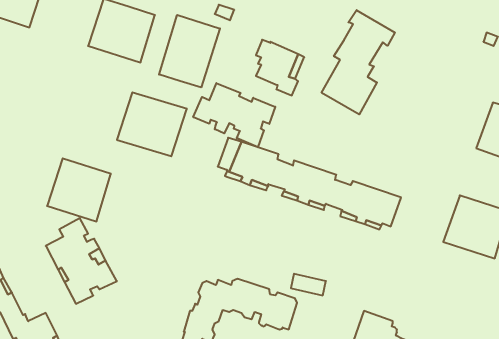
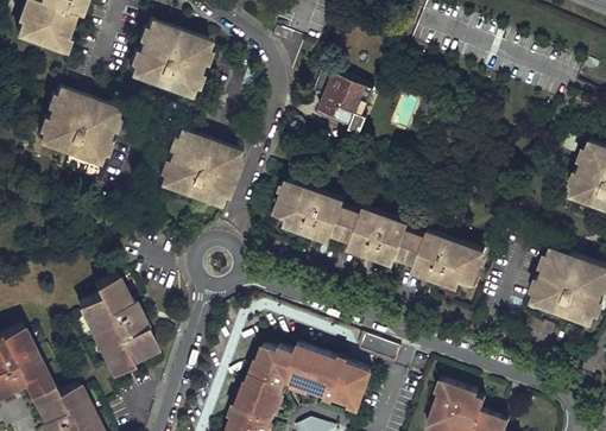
building: [322,10,395,114] -> none
building: [159,15,220,87] -> none
building: [193,83,275,147] -> none
building: [47,158,111,221] -> [43,94,116,166]

